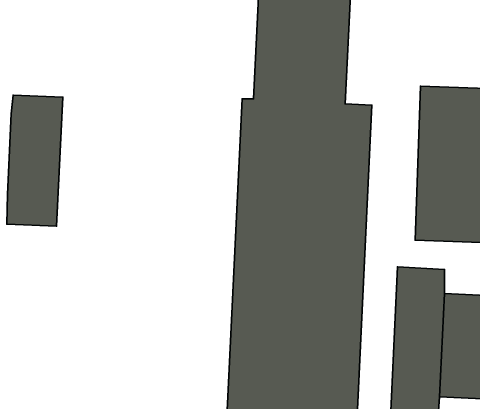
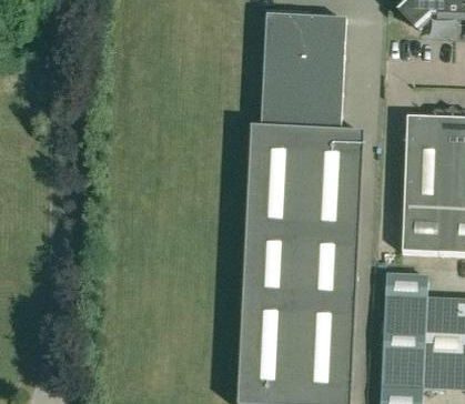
building: [7,95,63,226] -> none

